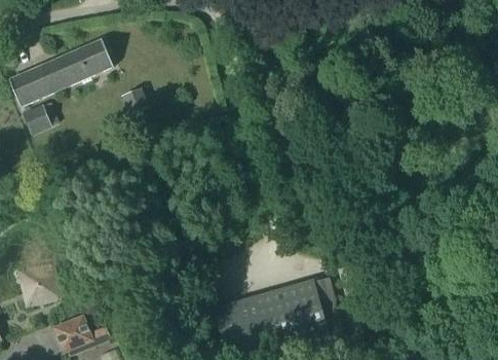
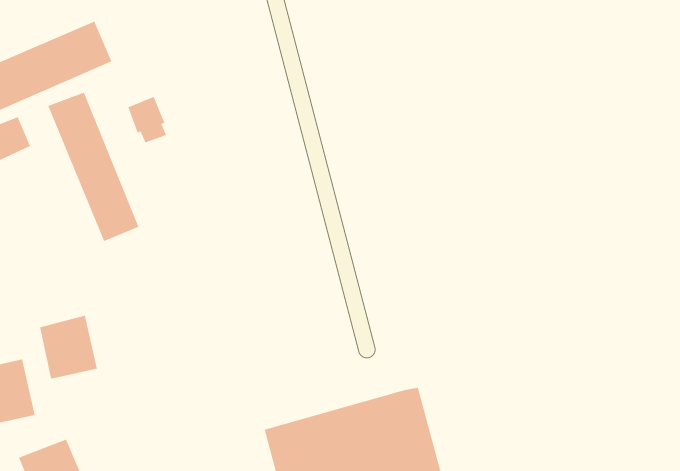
building: none -> [48,92,139,242]
building: none -> [39,315,98,380]

